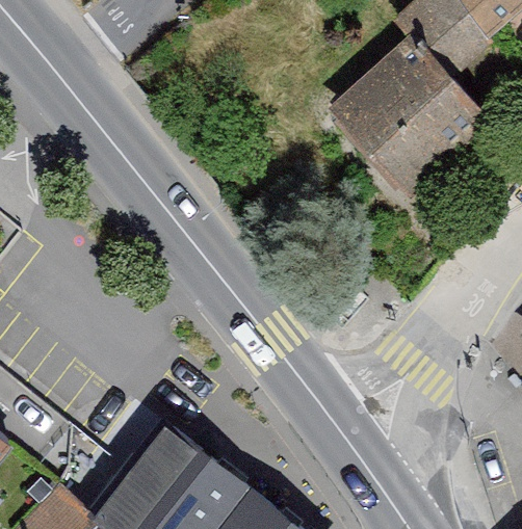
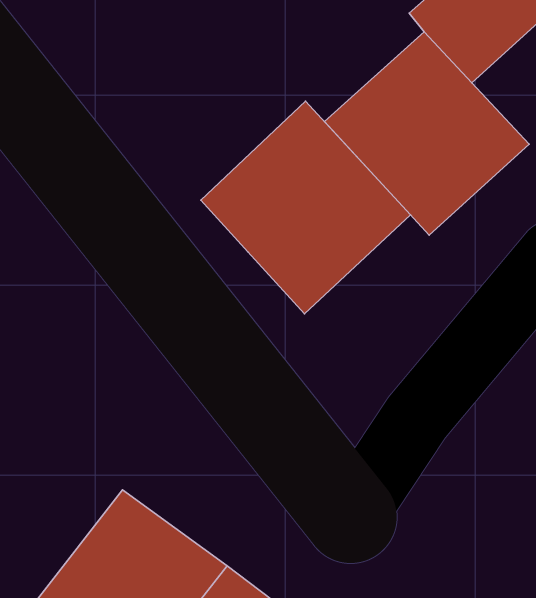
building: none -> [201,101,411,314]

